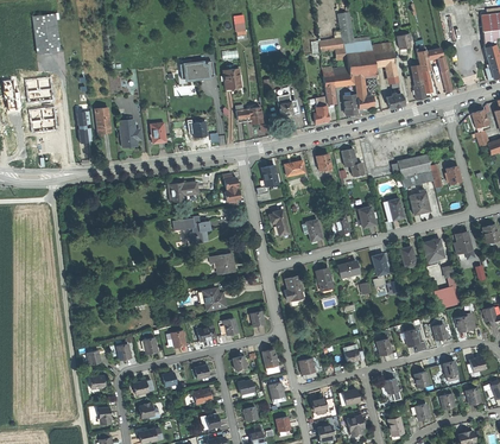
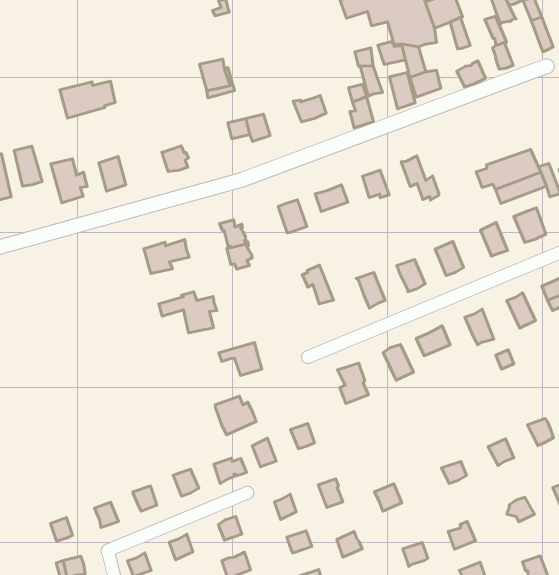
building: [179,59,214,81] -> [60,81,115,118]

